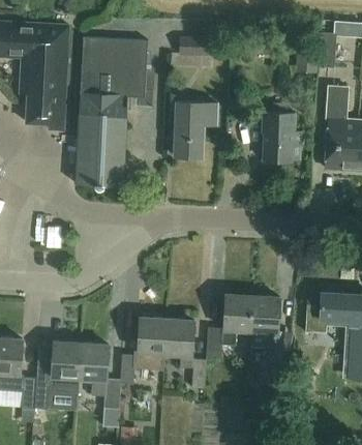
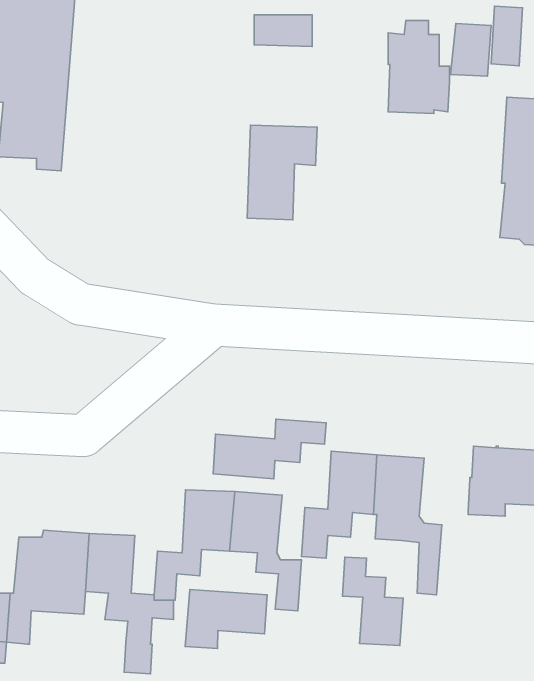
building: [74,37,148,187] -> none
building: [264,107,300,161] -> [388,21,450,113]
building: none -> [213,419,326,479]
building: none -> [343,557,403,646]
building: none -> [185,590,267,648]

